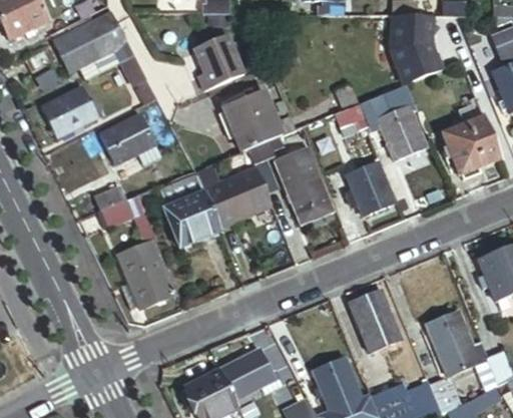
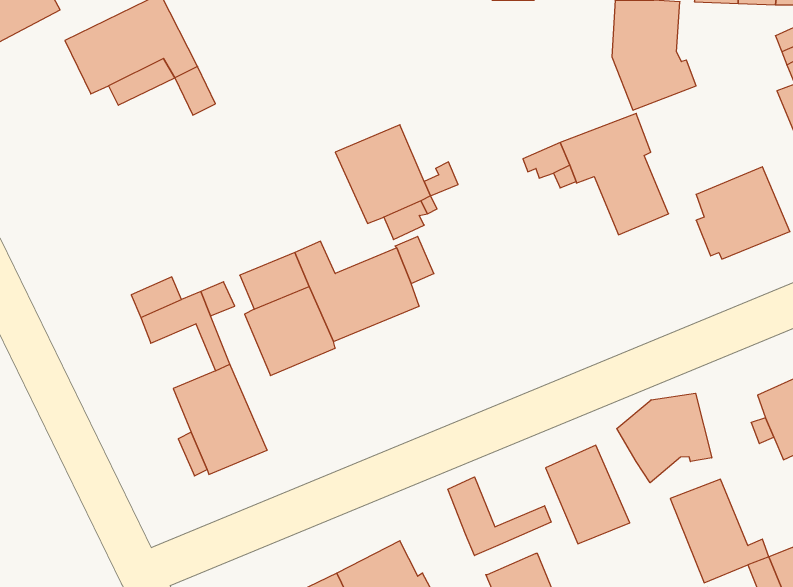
building: [192,32,243,91] -> none
building: [42,87,97,137] -> none
building: [98,112,160,165] -> none
building: [275,147,334,225] -> none
building: [344,160,395,216] -> none
building: none -> [617,393,712,483]
building: none -> [448,477,551,556]

